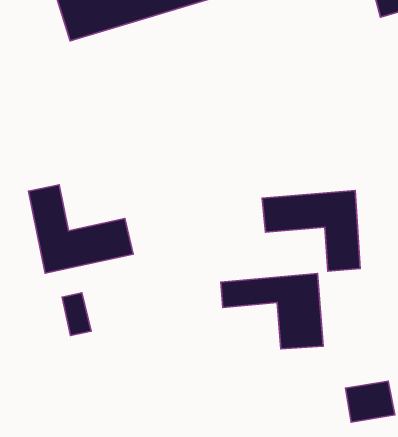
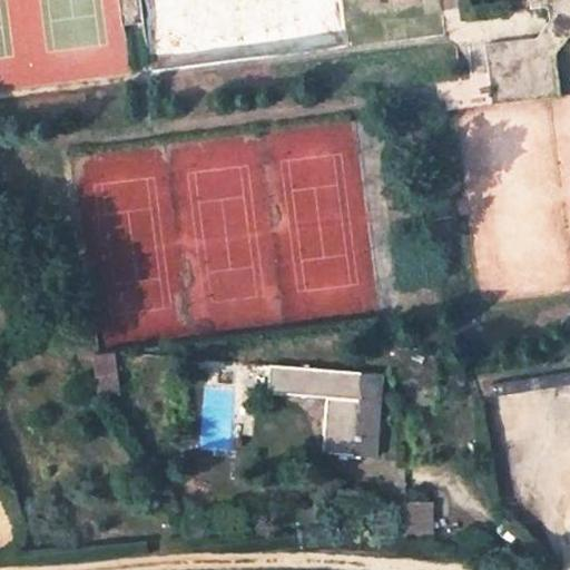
building: [29,185,133,273] -> none
building: [262,191,360,271] -> none

